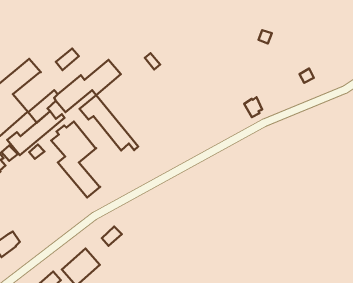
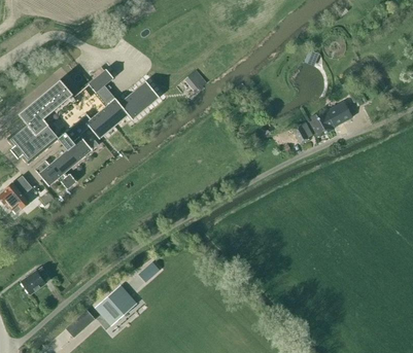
building: none -> [310,101,352,137]
building: [79,95,138,150] -> none
building: [51,122,100,198] -> none

